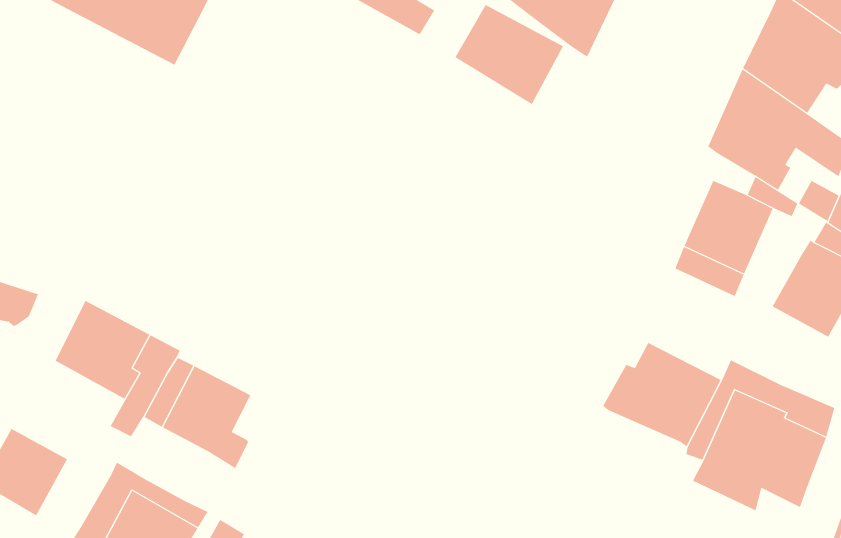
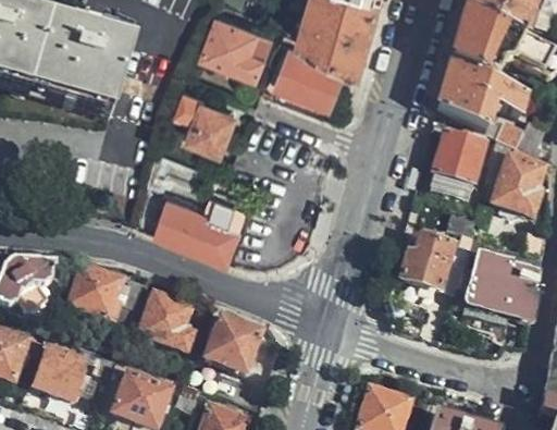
building: none -> [188,102,233,150]
building: none -> [156,197,246,261]
building: none -> [206,319,258,371]

